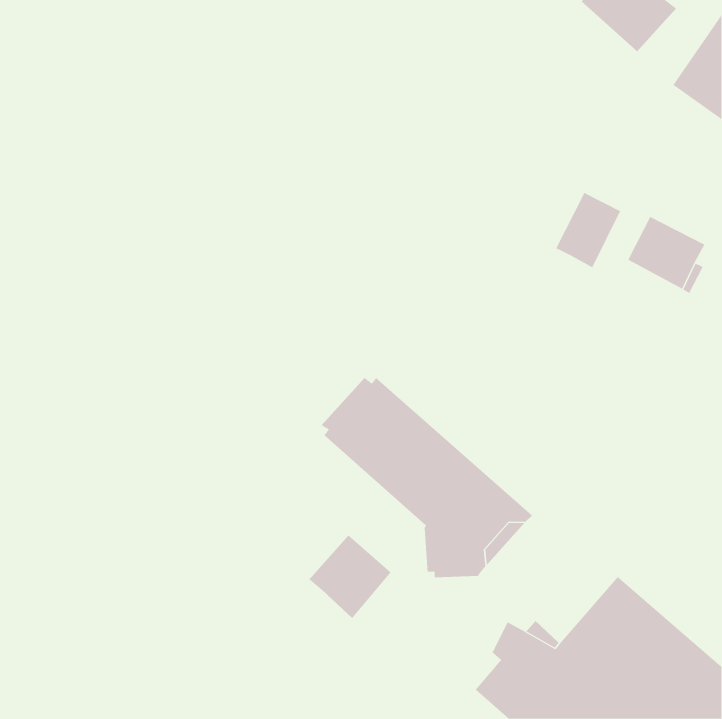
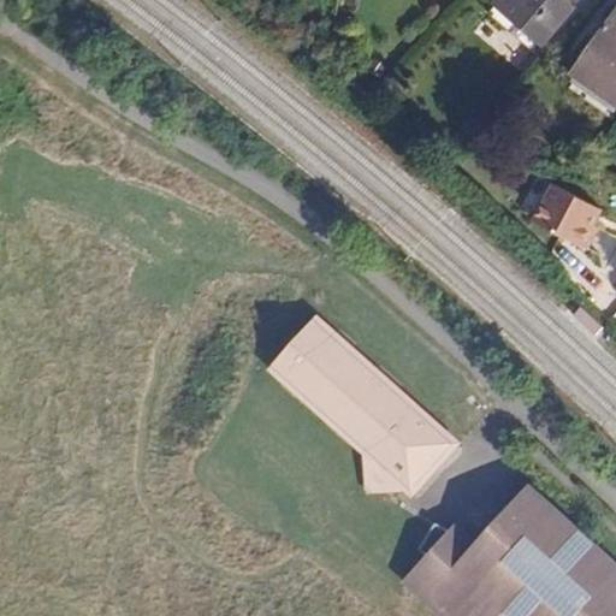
building: [555,192,621,268] -> none
building: [309,534,391,619] -> none

